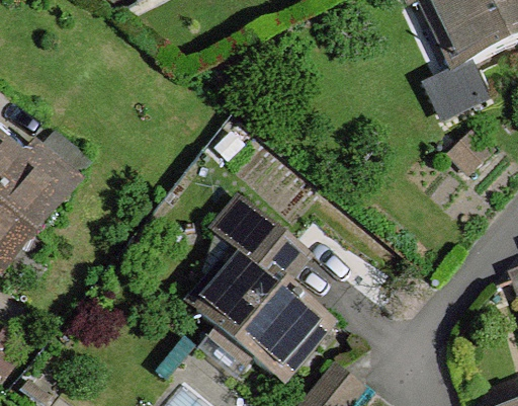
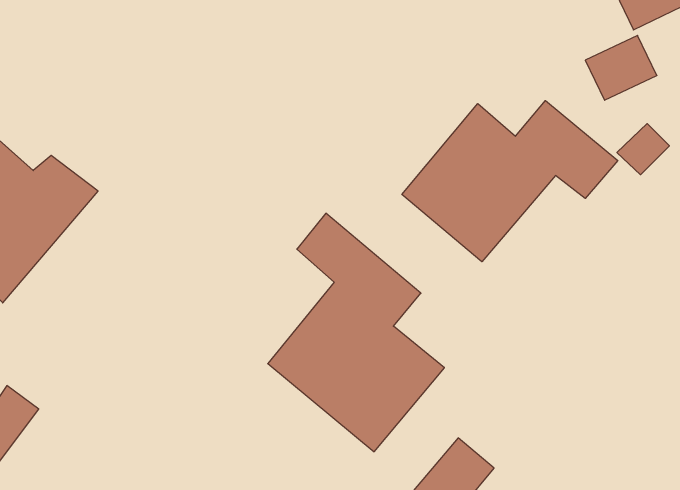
building: none -> [402,101,618,262]

